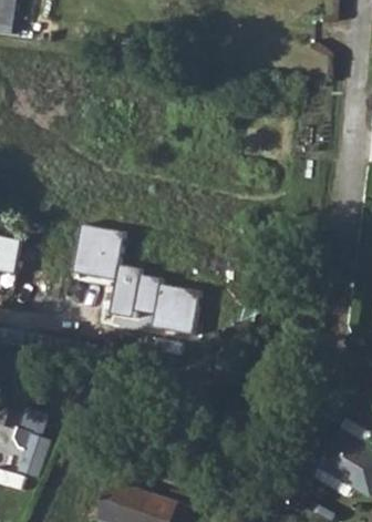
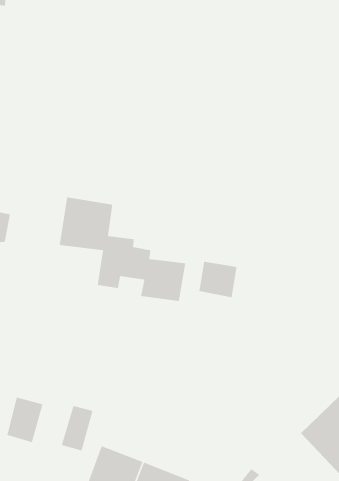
building: none -> [199,261,237,298]
building: none -> [61,405,94,451]

